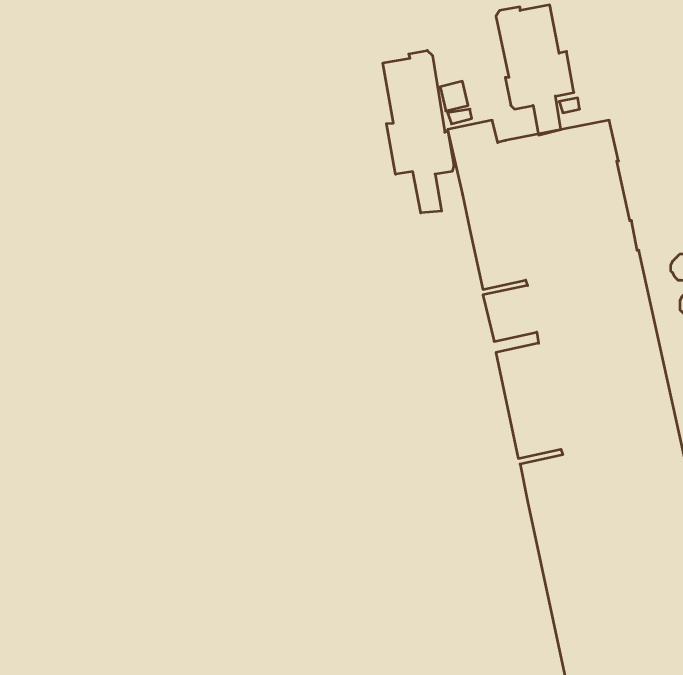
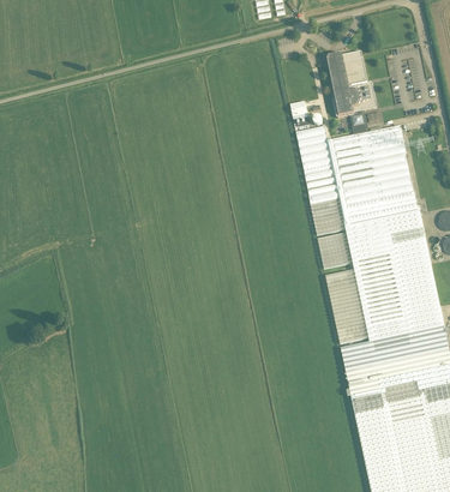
building: [383,50,454,213] -> none

